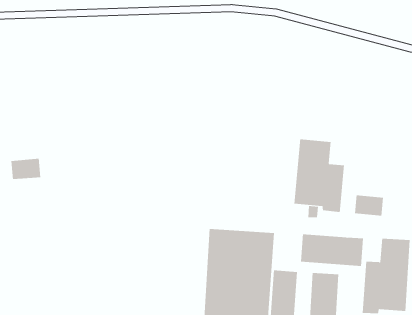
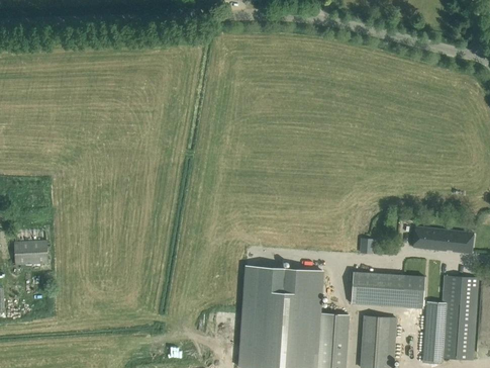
building: [294,139,344,213] -> none
building: [10,158,41,179] -> [14,240,50,264]
building: none -> [445,229,473,254]

